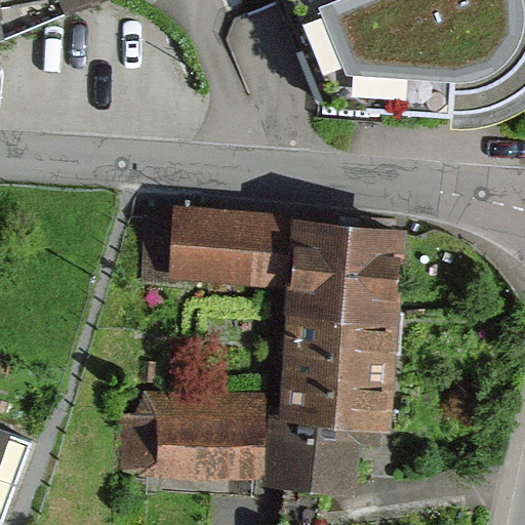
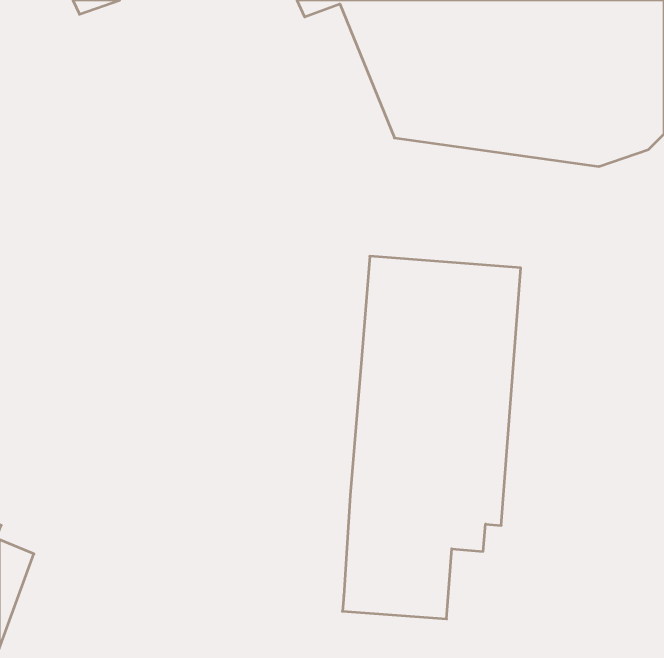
building: [143,199,291,288] -> none
building: [118,395,276,475] -> none

